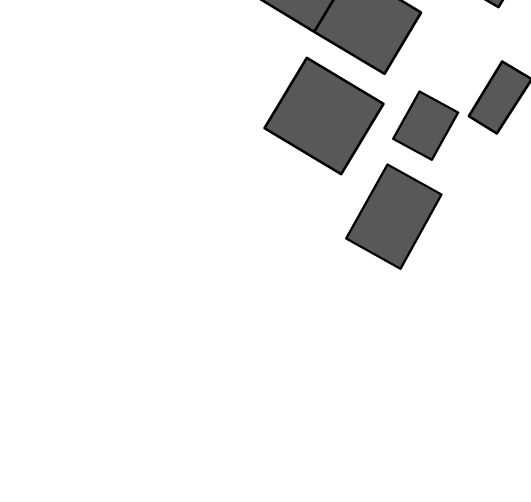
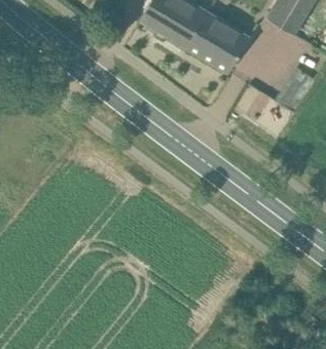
building: [265,58,383,174] -> none
building: [346,164,442,269] -> none

